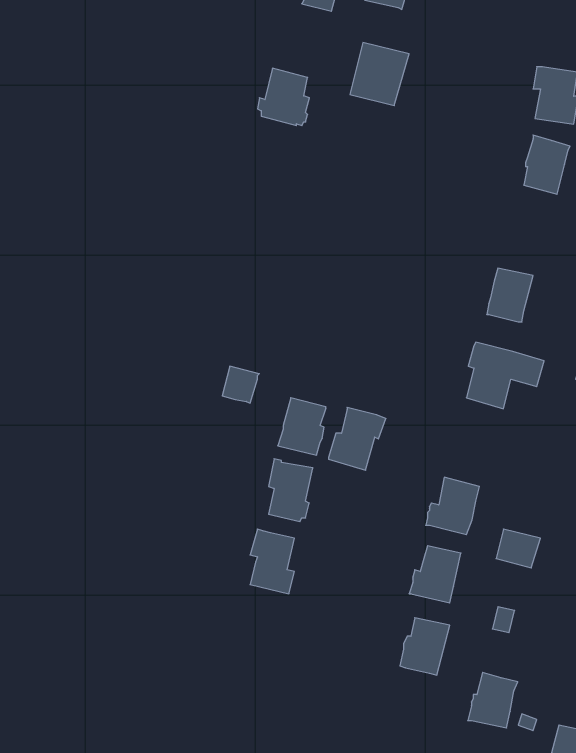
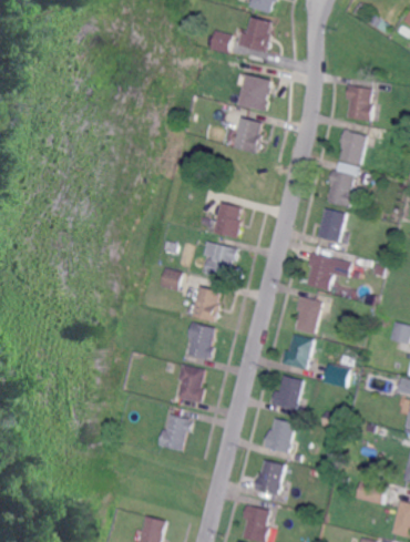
building: [258,68,309,126] -> [229,119,260,153]
building: none -> [326,168,353,206]
building: none -> [214,203,240,238]
building: [329,407,386,470] -> [203,245,237,283]
building: none -> [294,295,321,334]
building: none -> [155,415,189,452]
building: [468,672,518,728] -> [254,459,284,492]

